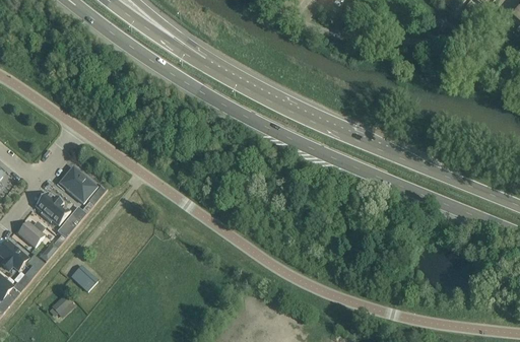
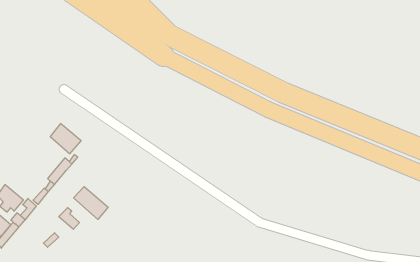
building: [36,189,70,222] -> none
building: [17,219,45,245] -> none
building: none -> [74,187,108,219]

